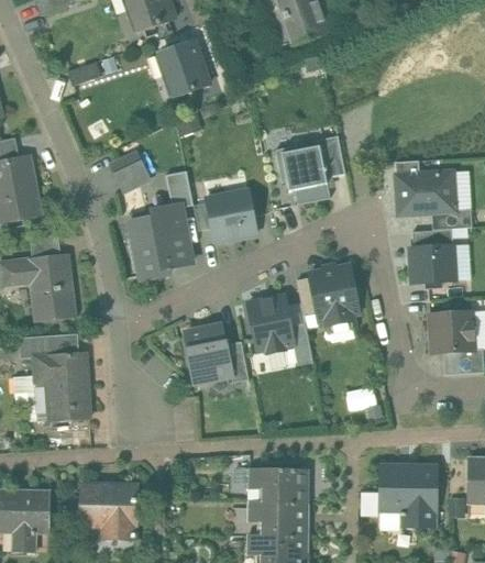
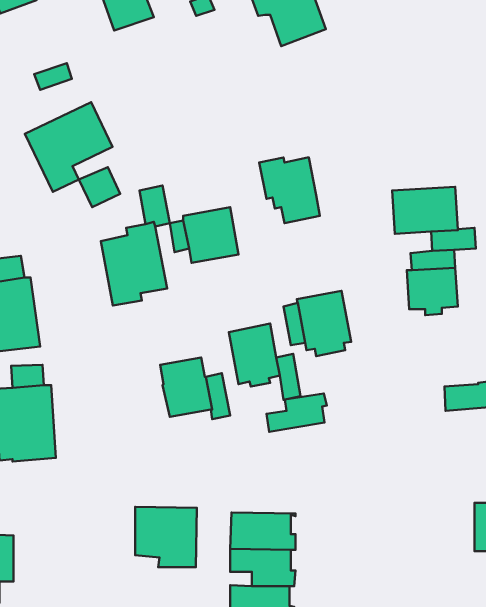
building: [162,40,209,95] -> none
building: none -> [25,102,113,192]
building: [317,135,344,179] -> none
building: [429,311,473,353] -> none
building: none -> [267,394,327,432]
building: [381,463,438,525] -> none
building: [81,482,137,537] -> [135,507,197,567]

